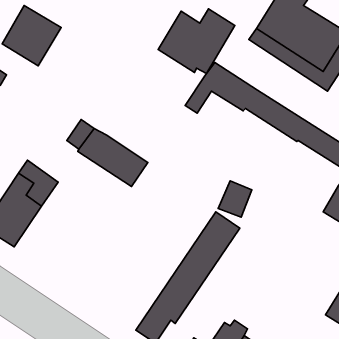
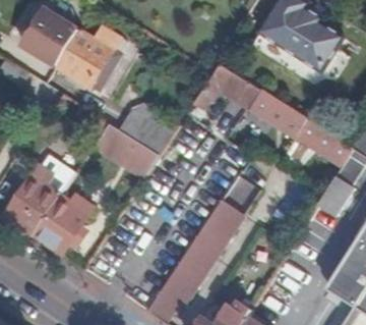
building: [158,9,235,74] -> [55,28,126,88]
building: none -> [118,103,176,155]
building: none -> [33,196,92,254]

